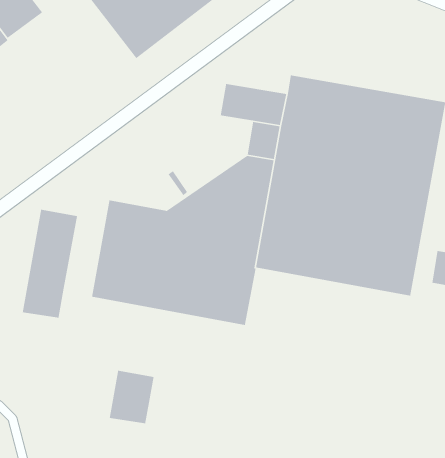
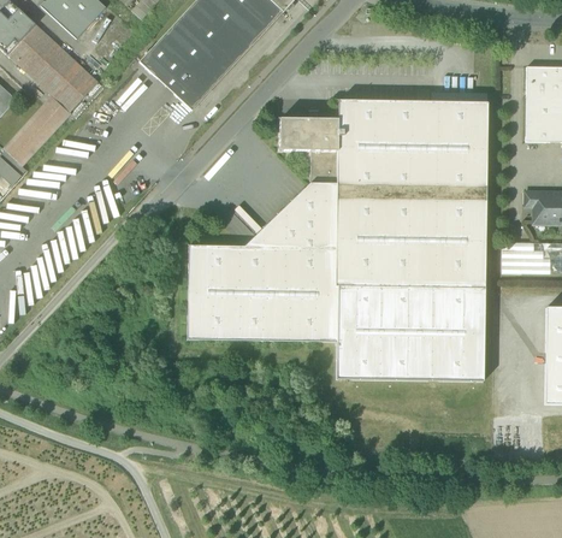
building: [22,209,78,318] -> none
building: none -> [336,285,485,379]
building: [109,370,155,424] -> none

